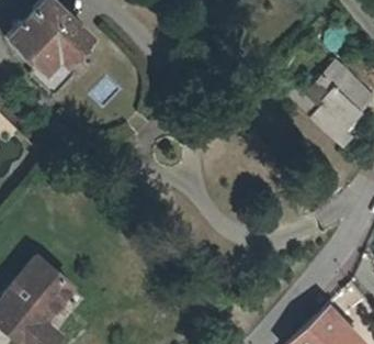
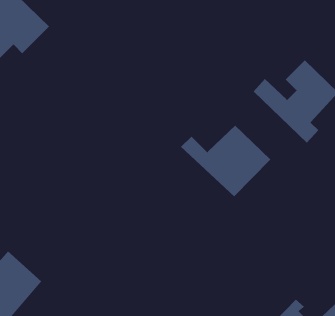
building: none -> [180,125,271,197]

